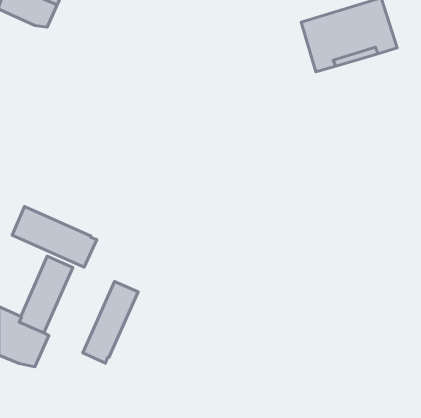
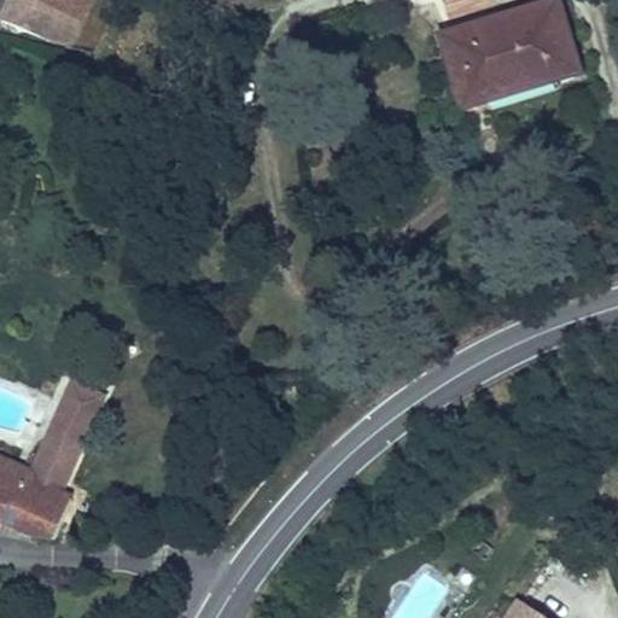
building: [12,206,97,267] -> none
building: [83,282,138,363] -> none

